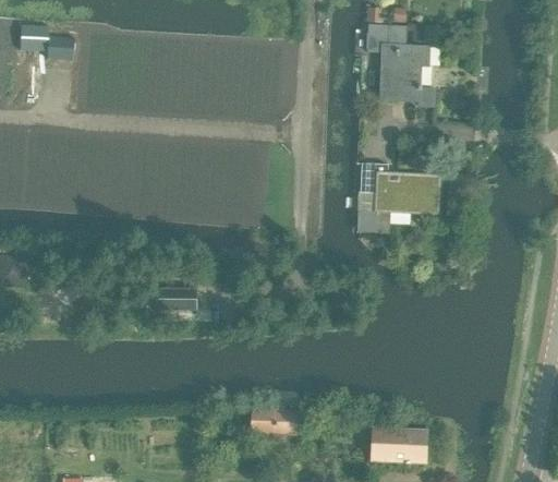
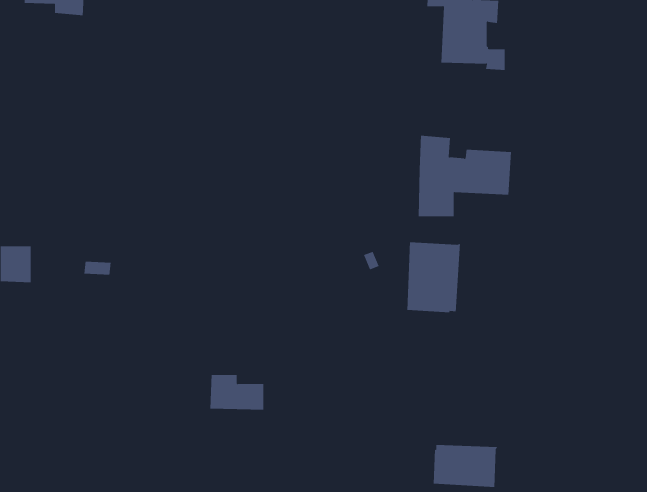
building: none -> [407,241,460,313]
building: [156,289,197,310] -> none
building: [250,403,296,434] -> [210,375,264,410]

